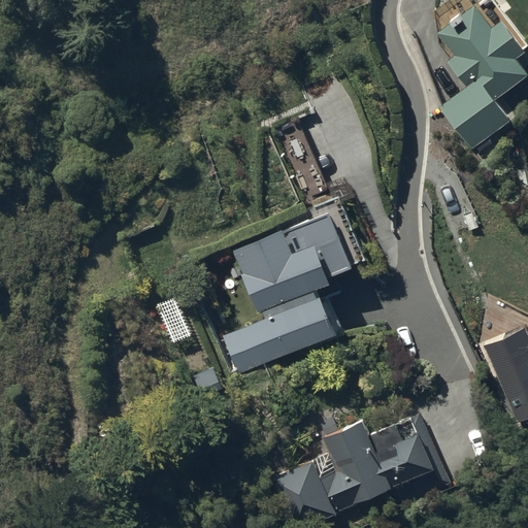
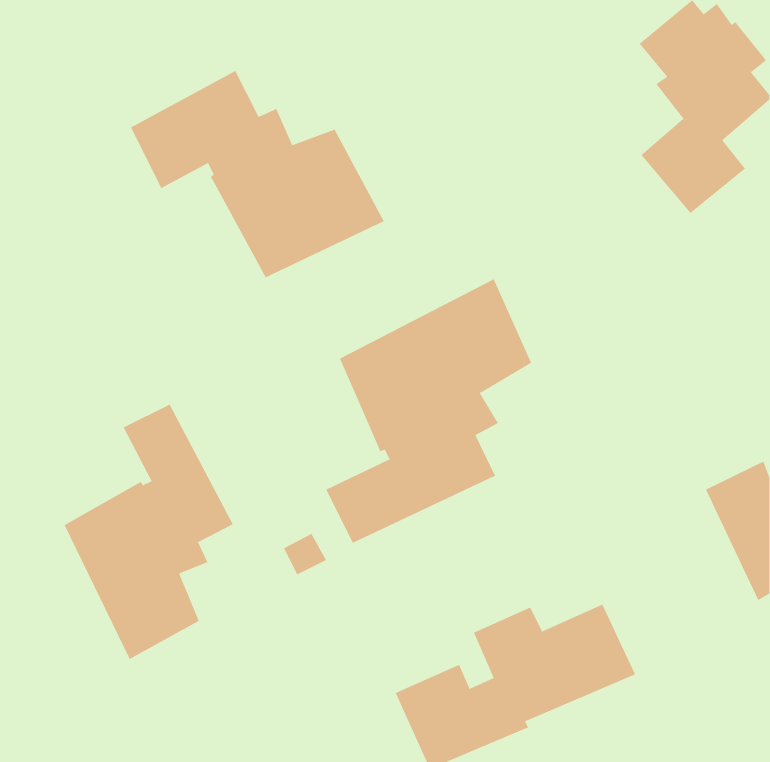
building: none -> [130,70,385,278]
building: none -> [64,404,234,660]

